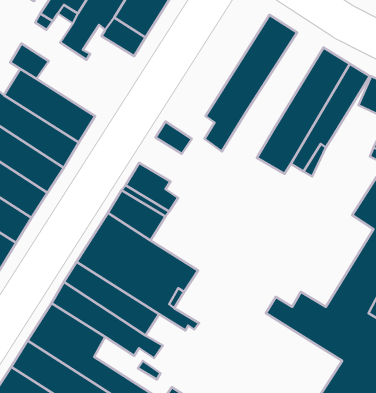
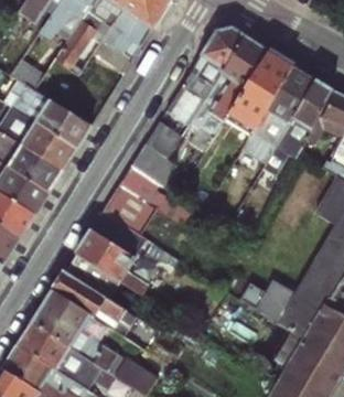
building: none -> [169,28,245,125]
building: none -> [224,51,292,137]
building: none -> [130,143,178,186]

